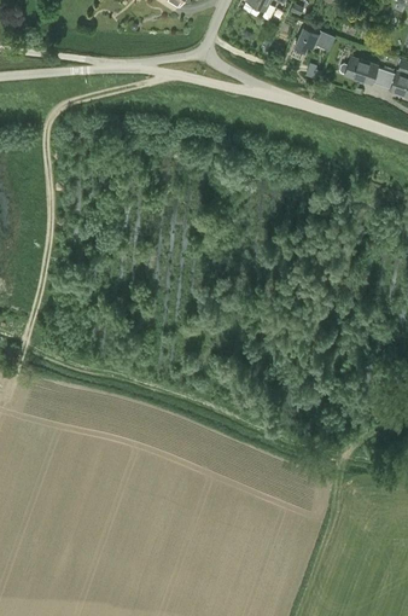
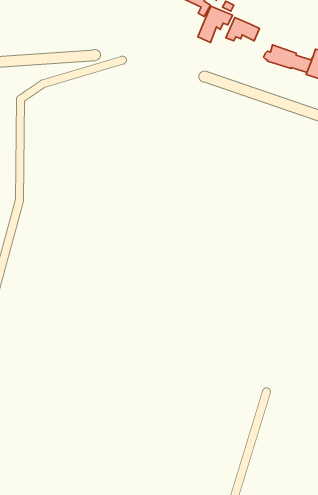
building: none -> [198,6,232,43]

